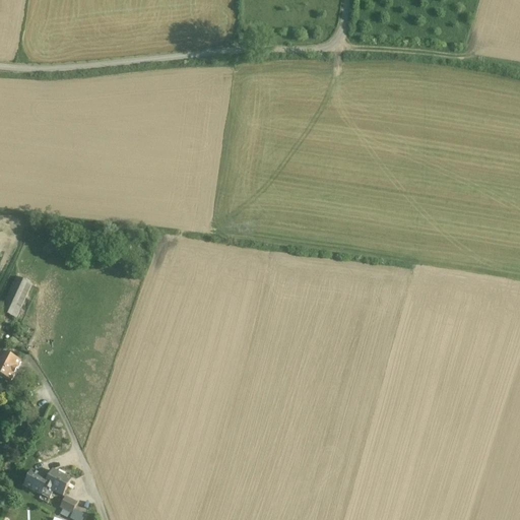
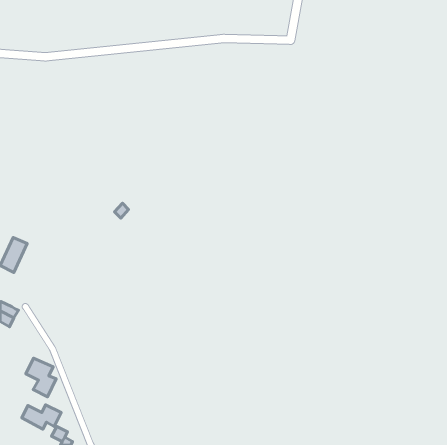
building: none -> [26,358,56,397]

